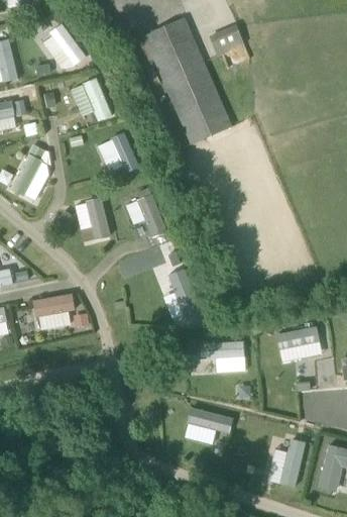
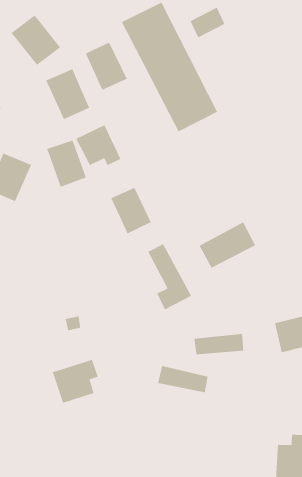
building: none -> [85,41,128,91]
building: [72,197,109,242] -> [46,140,87,188]
building: none -> [198,221,256,269]
building: [29,292,74,333] -> [52,359,99,404]
building: [184,406,233,435] -> [157,365,209,393]

